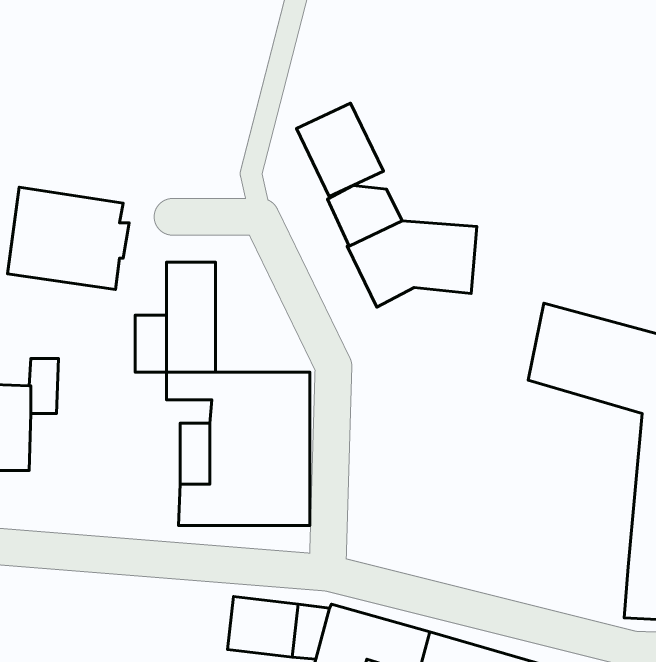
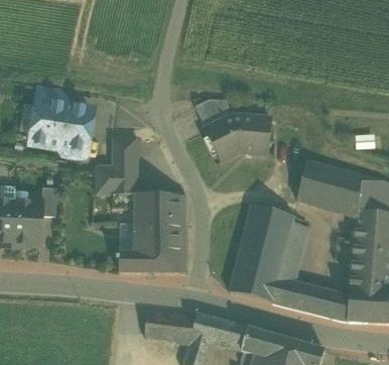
building: [296,103,383,197] -> none
building: none -> [229,205,349,321]

